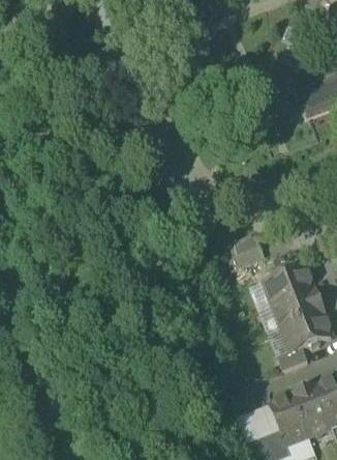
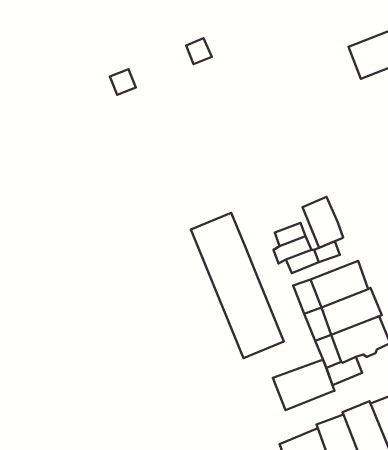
building: none -> [302,197,343,248]
building: none -> [191,213,284,358]
building: none -> [273,360,335,410]

